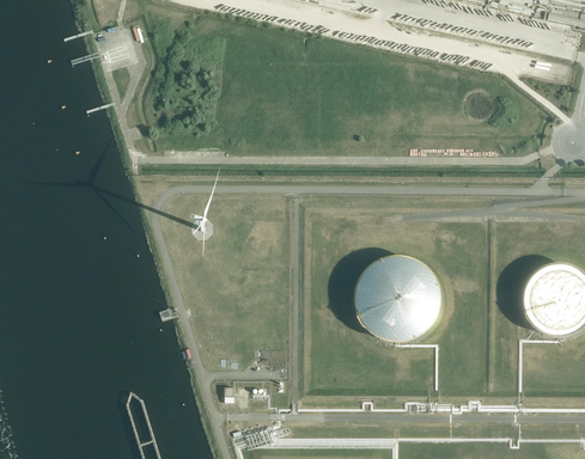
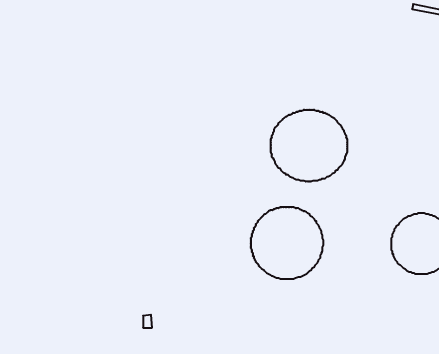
building: none -> [271,110,347,182]

